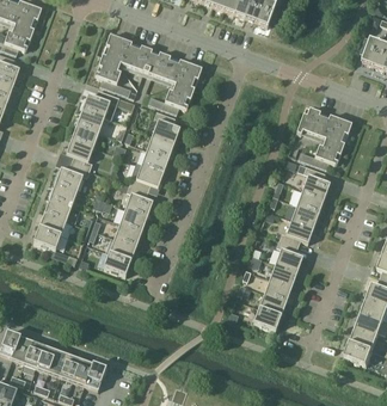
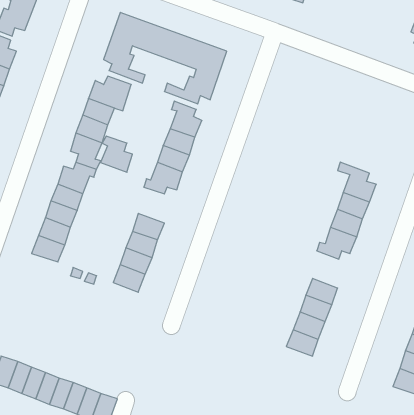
building: [296,105,352,167] -> none
building: [125,184,153,215] -> [101,136,132,172]
building: [276,239,303,271] -> none

